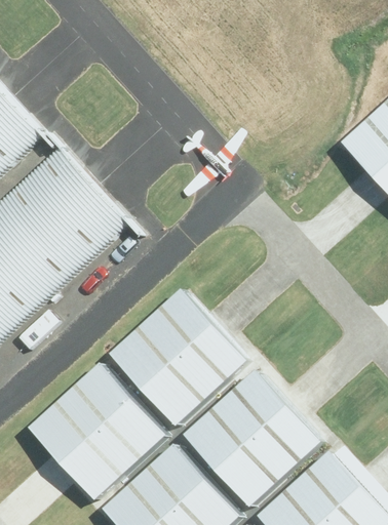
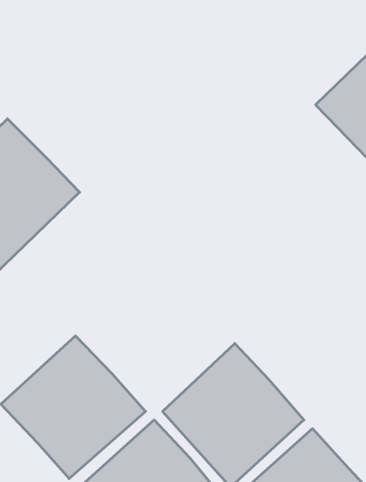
building: [110,290,248,428] -> none

